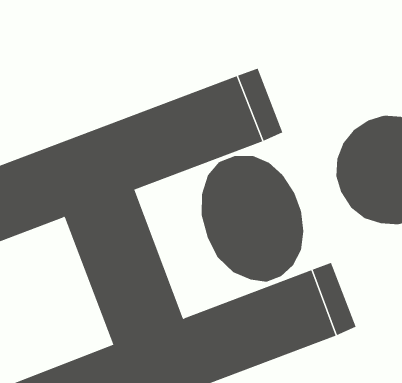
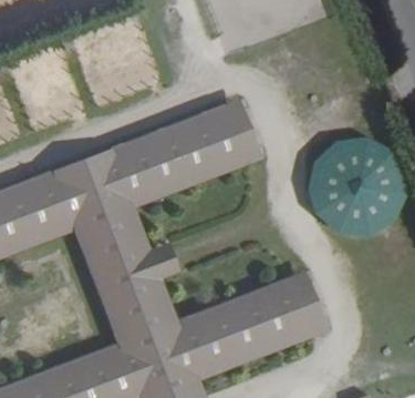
building: [201,155,304,282] -> none

